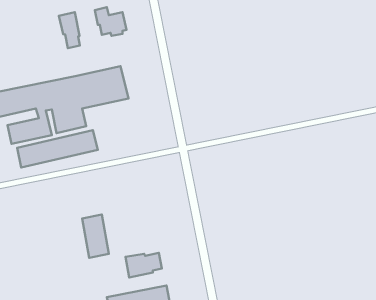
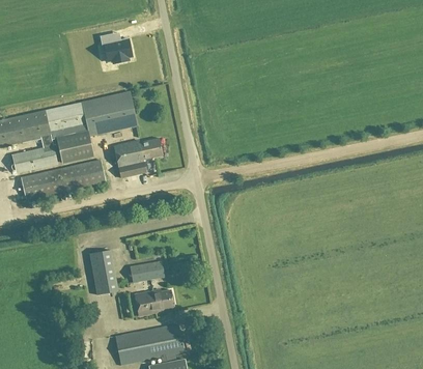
building: [59,12,80,48] -> none
building: none -> [112,138,162,177]
building: none -> [129,261,163,282]

